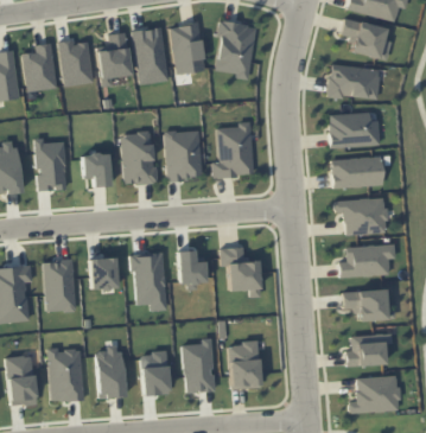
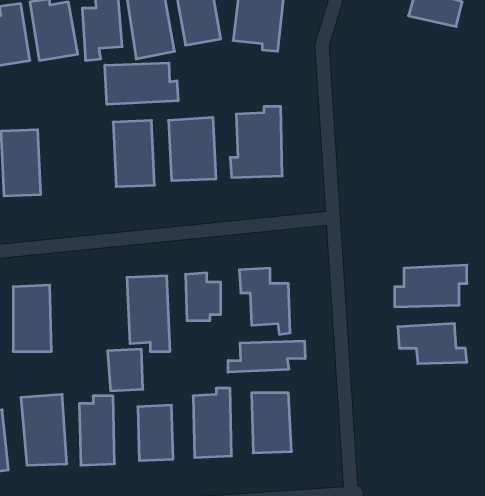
building: [326,64,380,100] -> none
building: none -> [105,63,178,104]
building: [328,113,379,147] -> none
building: [81,153,108,186] -> none
building: [331,158,381,187] -> none
building: [333,198,386,235] -> none
building: [88,257,115,289] -> [108,349,143,391]
building: none -> [228,341,305,372]
building: [344,335,390,367] -> none
building: [348,376,399,413] -> none

